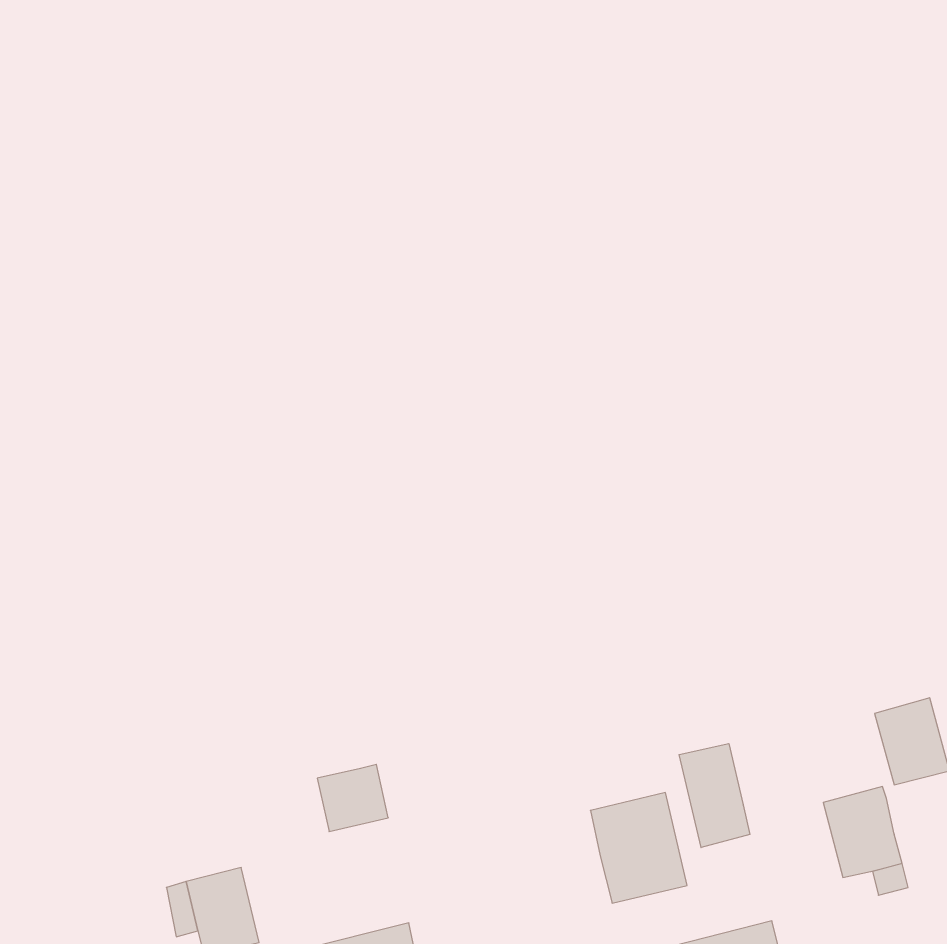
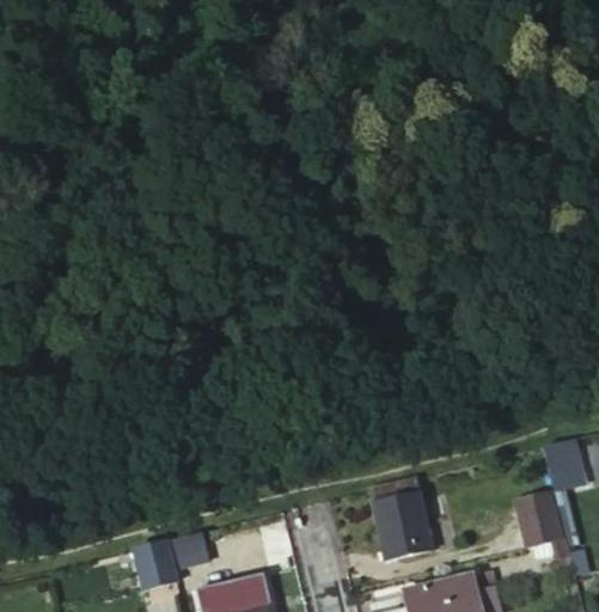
building: [679,744,750,848] -> none
building: [317,764,388,832] -> [164,531,207,571]

